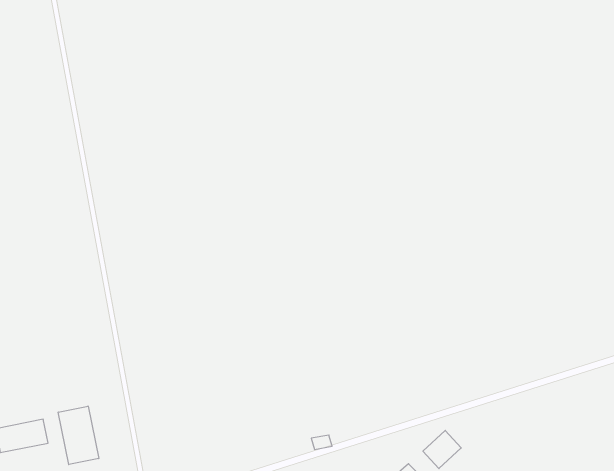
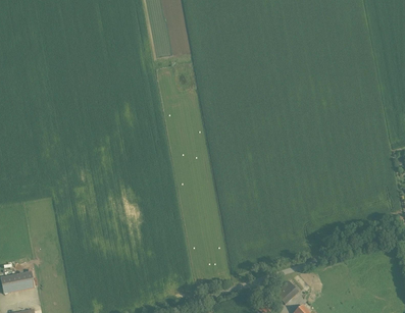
building: [58,406,99,465] -> none

